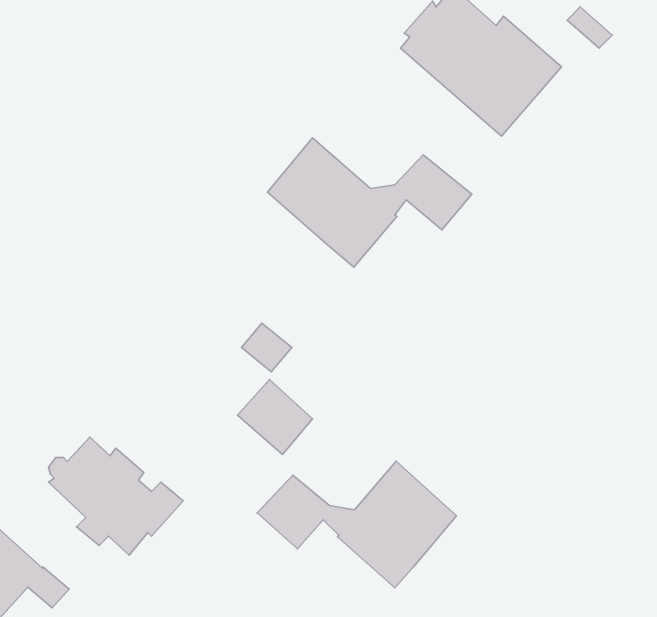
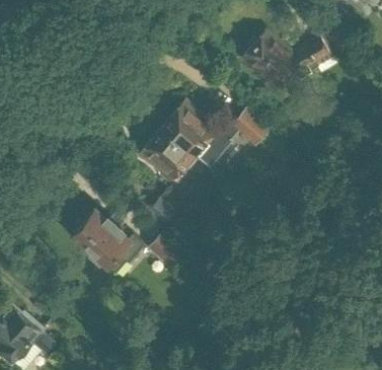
building: none -> [139,128,197,186]
building: [48,437,183,555] -> [74,210,147,274]
building: [257,461,457,588] -> none

